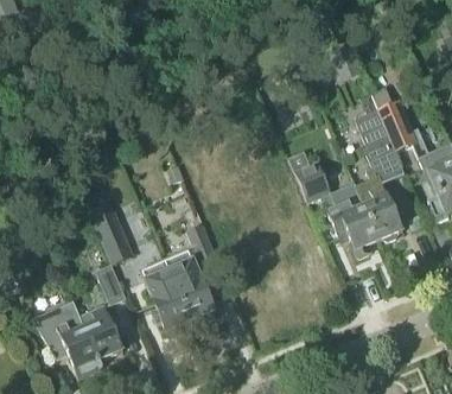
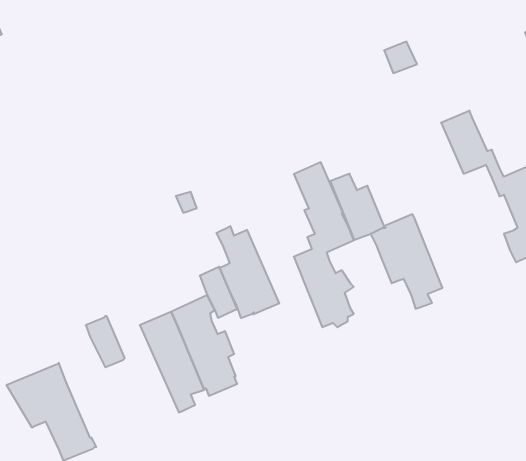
building: [356,110,403,241] -> [294,162,354,327]
building: none -> [216,226,279,318]
building: [94,210,134,263] -> none
building: [81,306,123,360] -> none

